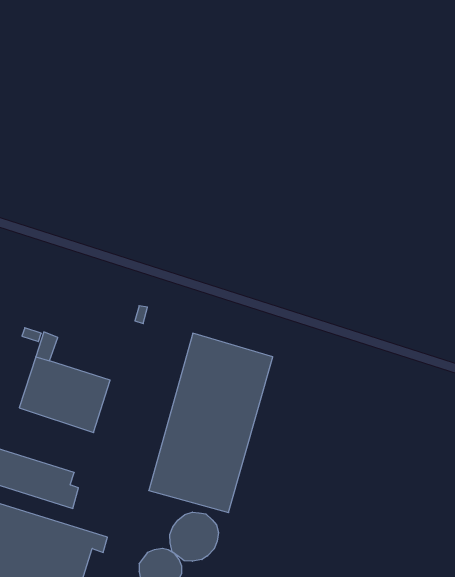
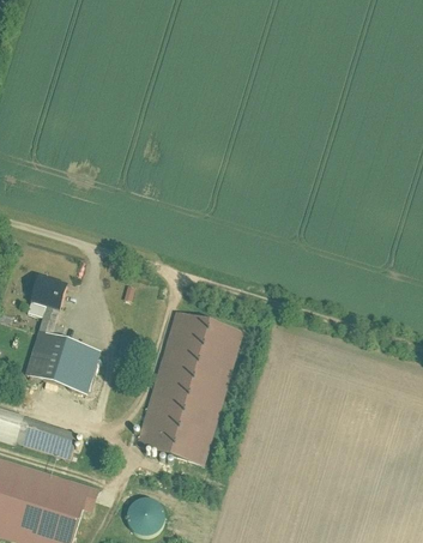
building: none -> [30,278,66,309]
building: [170,512,218,561] -> none

